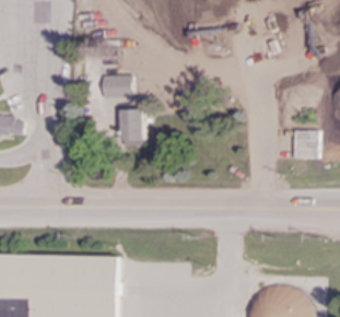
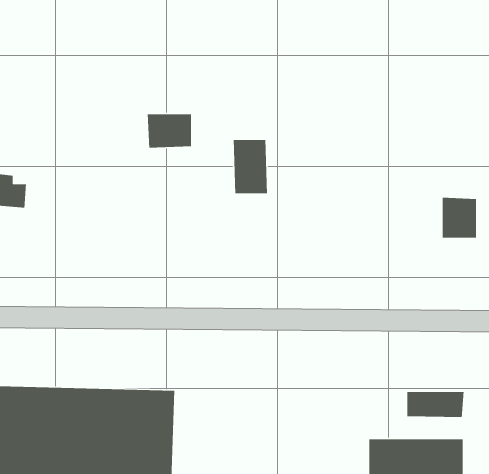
building: [119,109,142,145] -> [233,139,268,194]
building: none -> [406,391,465,418]

